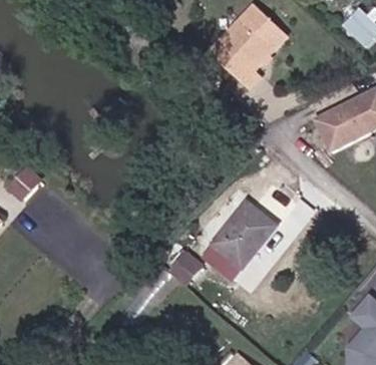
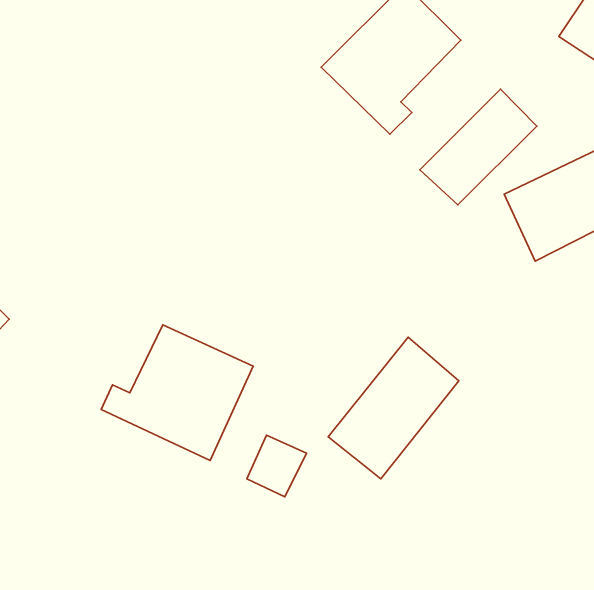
building: none -> [420,89,537,205]
building: none -> [101,325,253,461]

